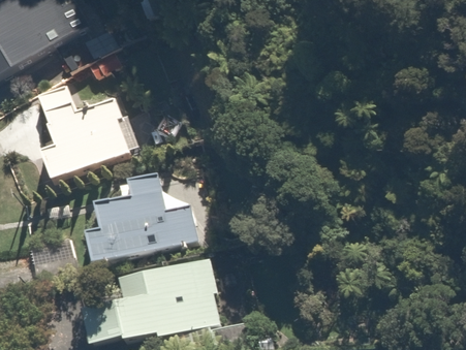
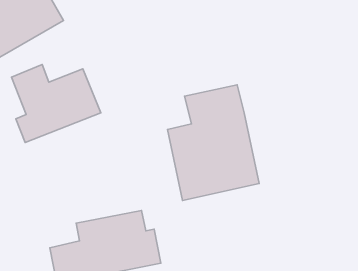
building: none -> [167,85,259,201]
building: [83,183,200,265] -> none

